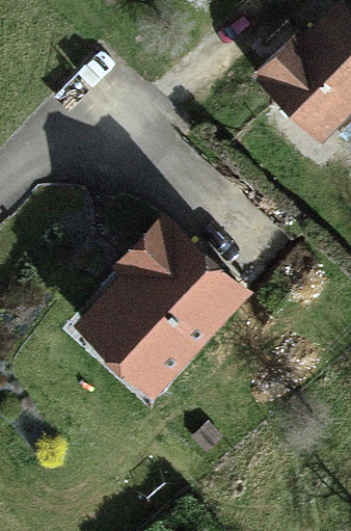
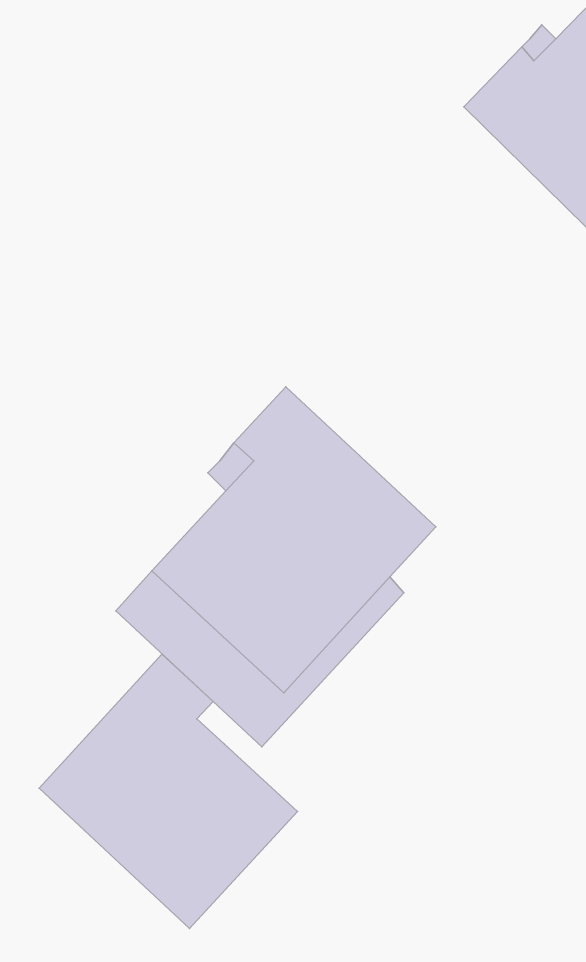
building: none -> [39,654,298,929]

